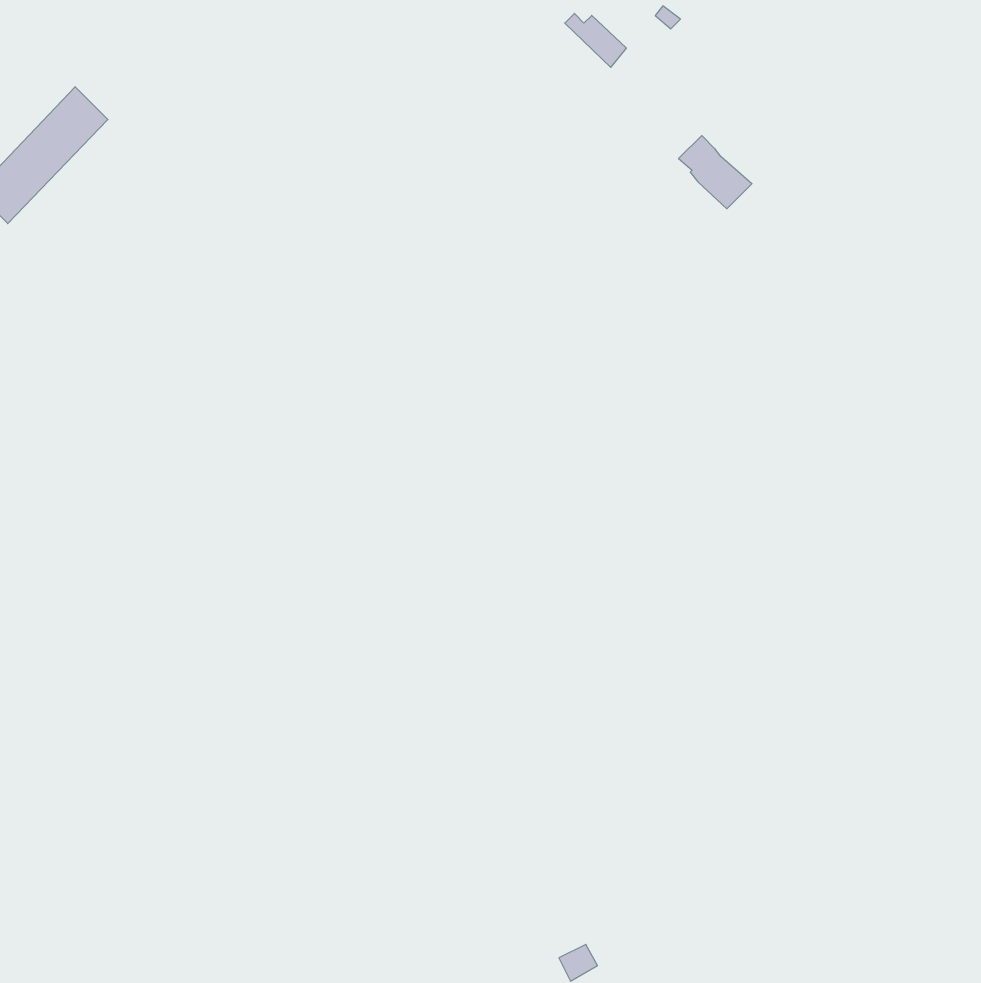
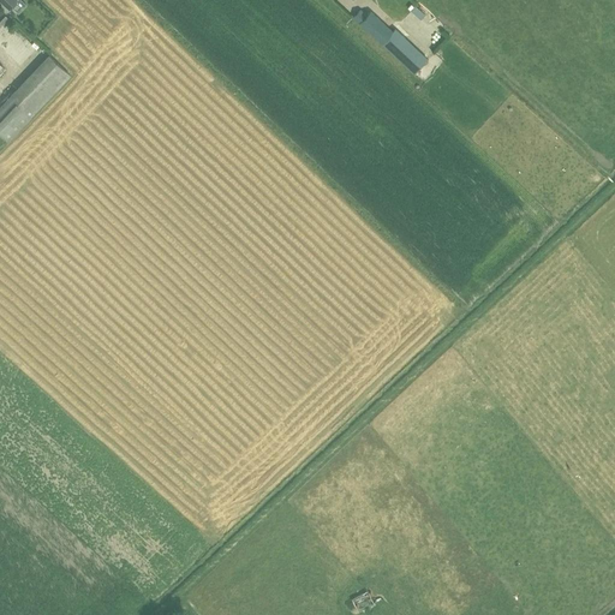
building: [679,136,752,209] -> [381,28,426,73]

